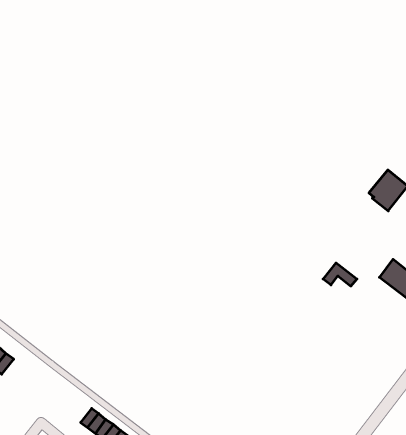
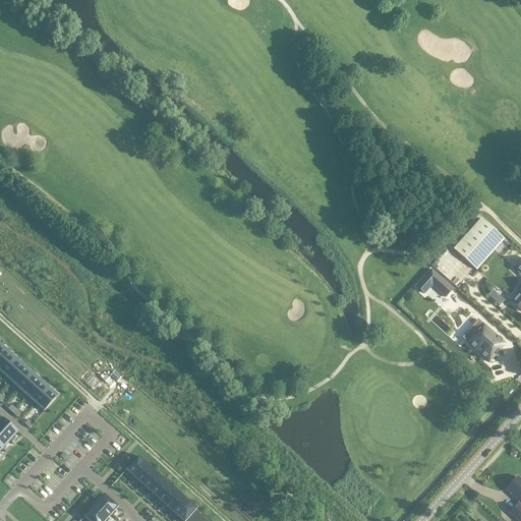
building: [323,263,357,286] -> [416,270,453,296]

